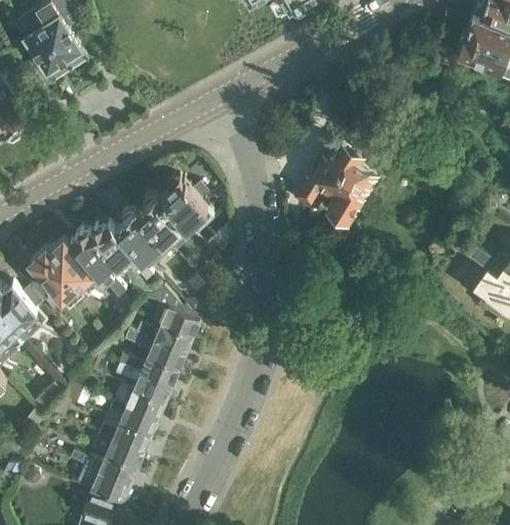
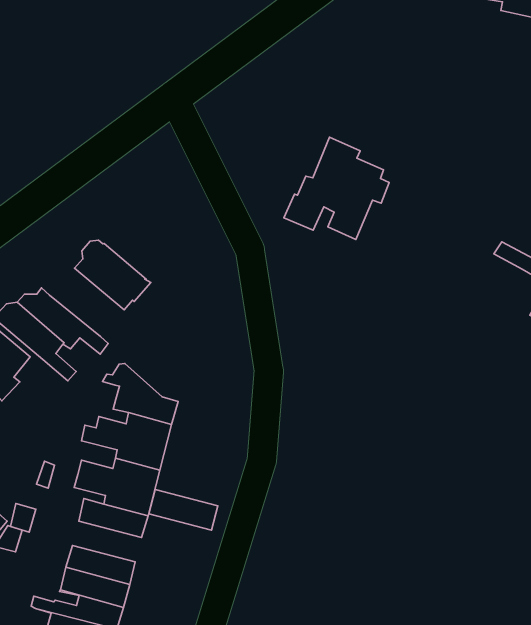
building: [160,177,214,229] -> none
building: [114,210,168,266] -> none
building: [106,401,158,437] -> [149,490,218,530]

